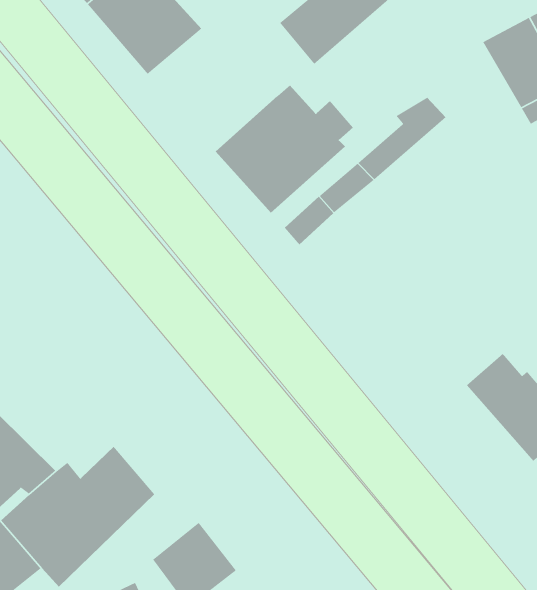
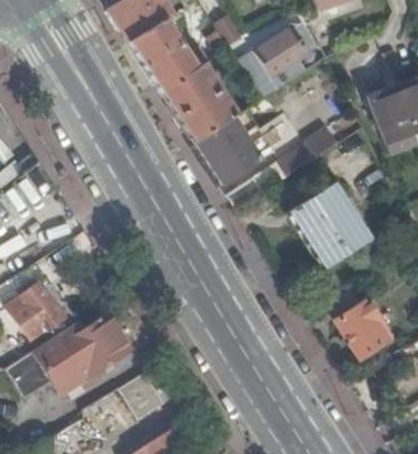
building: none -> [162,62,239,142]
building: none -> [289,182,373,269]

